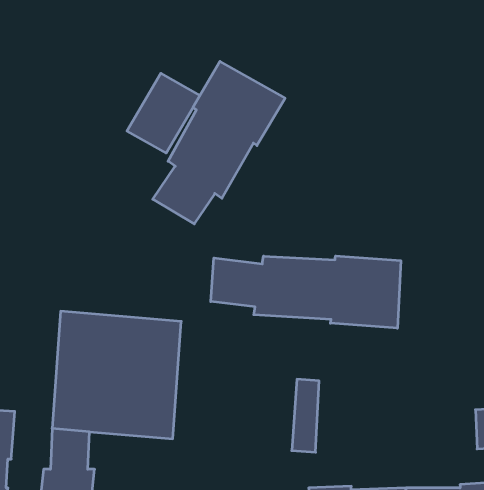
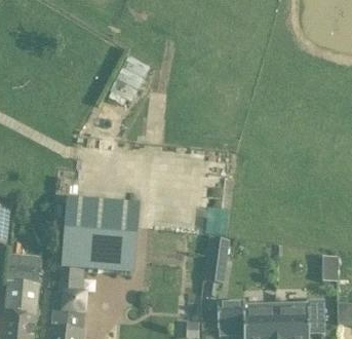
building: [153,61,285,224] -> none
building: [211,256,401,328] -> none

